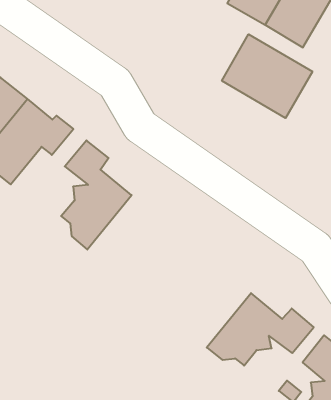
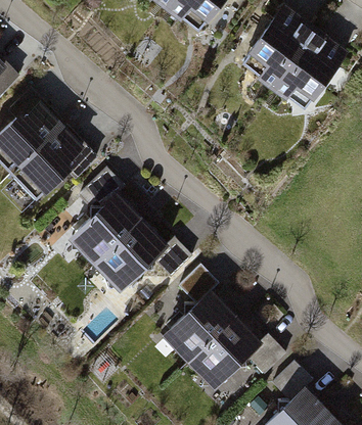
building: [222,34,312,118] -> none
building: none -> [96,220,191,282]
building: none -> [171,265,234,360]

